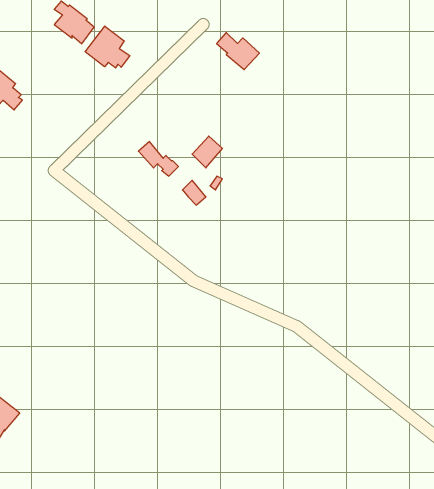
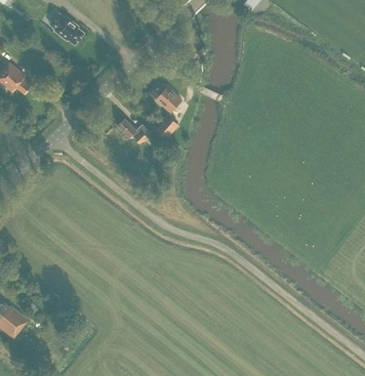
building: [85,26,130,68] -> none
building: [217,32,259,70] -> [150,83,181,111]

